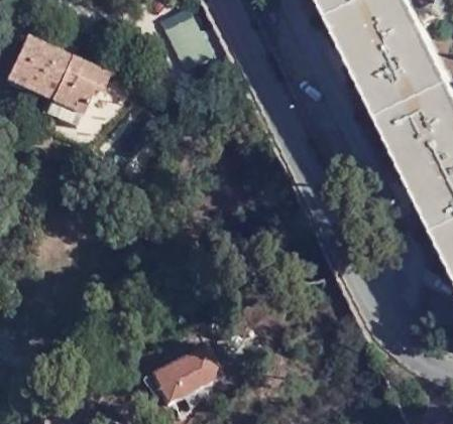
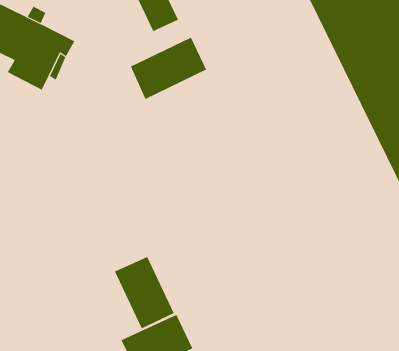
building: none -> [130,37,207,100]
building: none -> [114,256,175,329]

